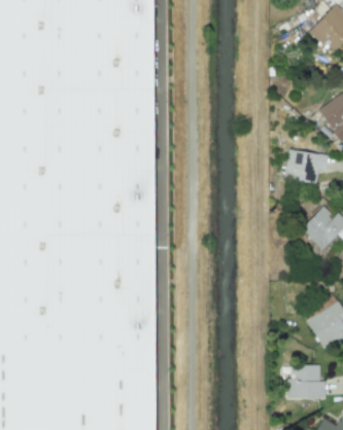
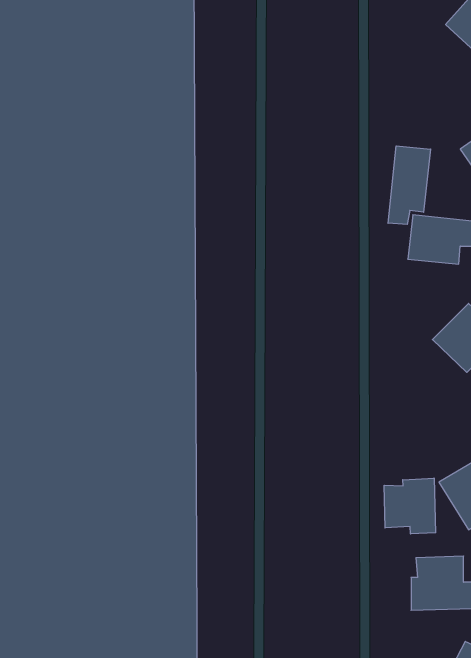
building: none -> [388,146,431,224]
building: none -> [384,478,436,534]

